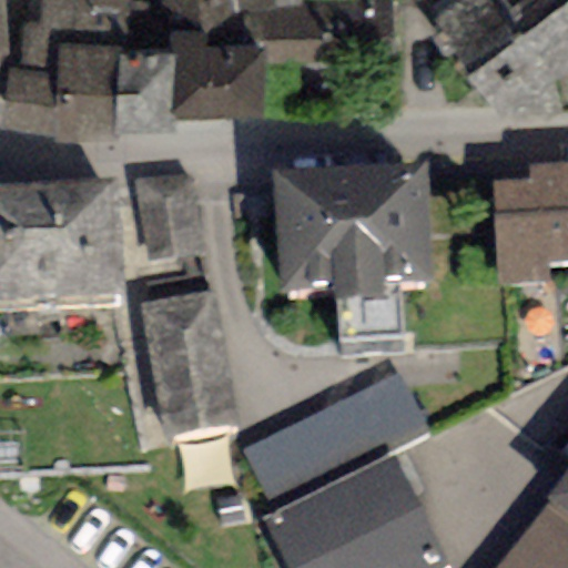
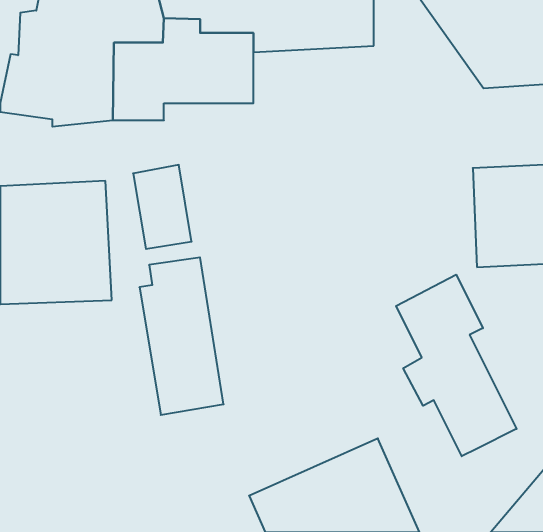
building: [267,163,439,311] -> none
building: none -> [396,275,517,456]
building: [244,366,430,503] -> none

